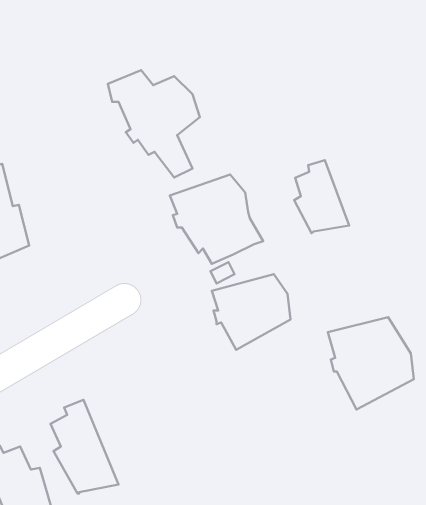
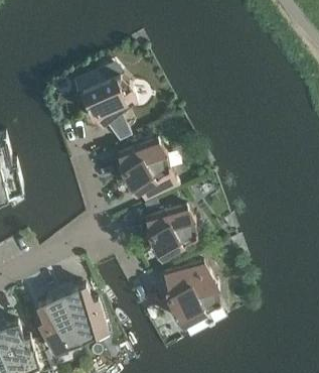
building: [294,160,349,233] -> none
building: [328,317,414,409] -> [162,263,219,325]
building: none -> [58,285,108,348]

